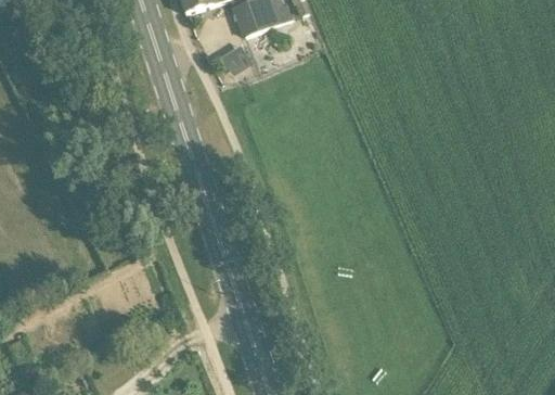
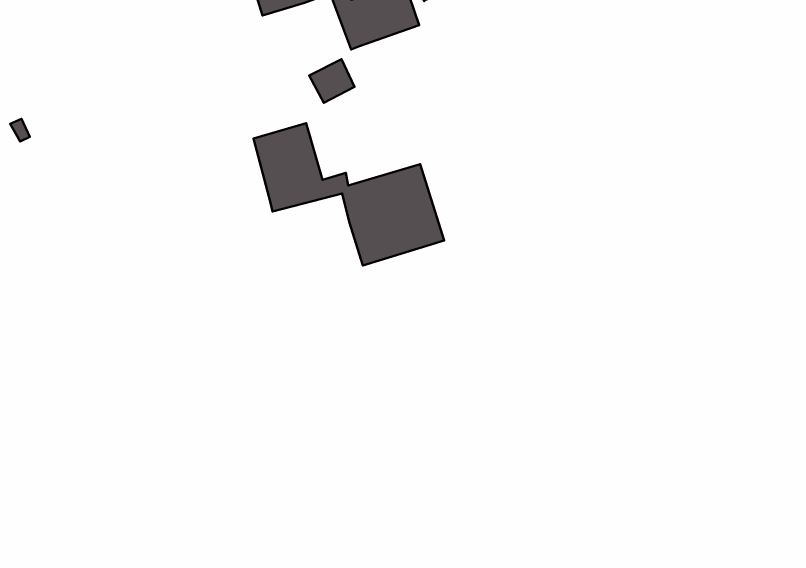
building: none -> [254,123,444,266]

